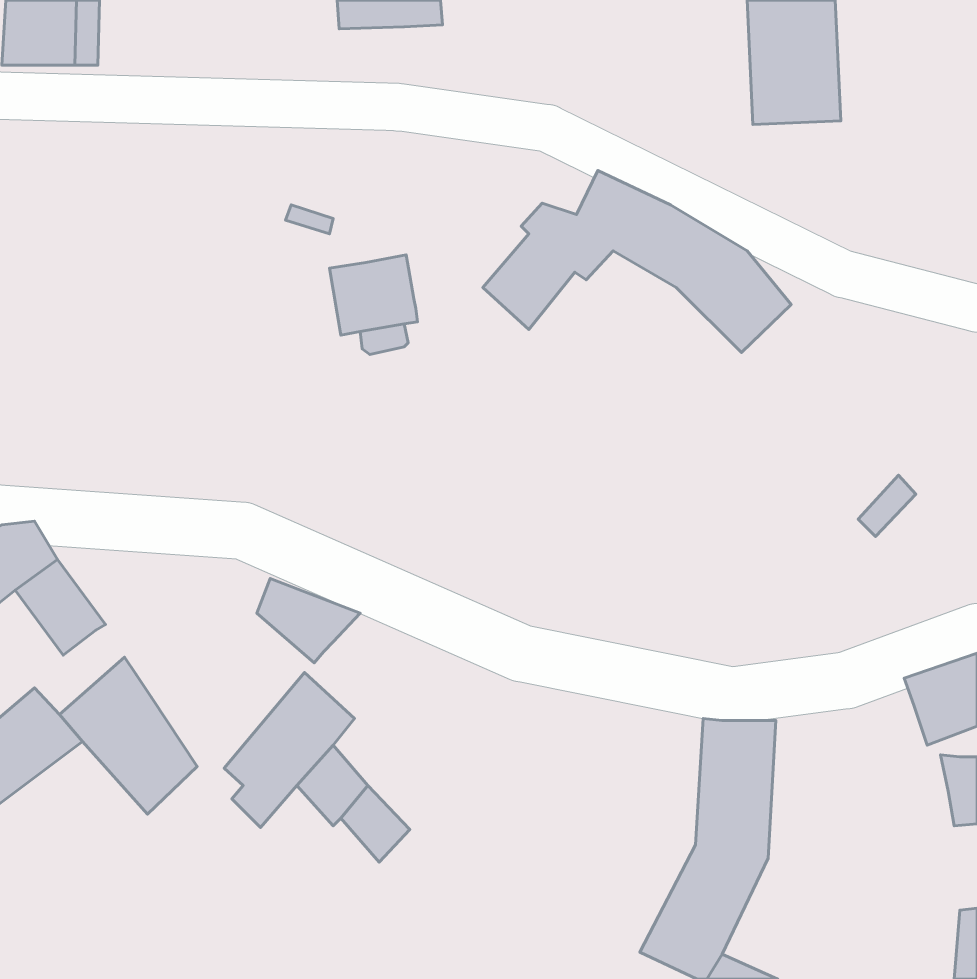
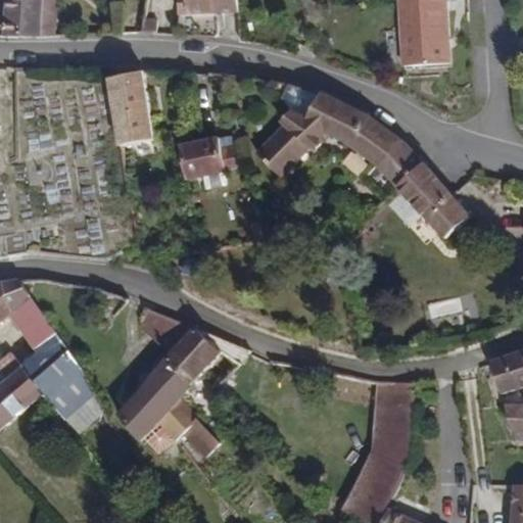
building: none -> [108,73,150,142]
building: none -> [395,162,470,240]
building: none -> [162,327,219,383]

